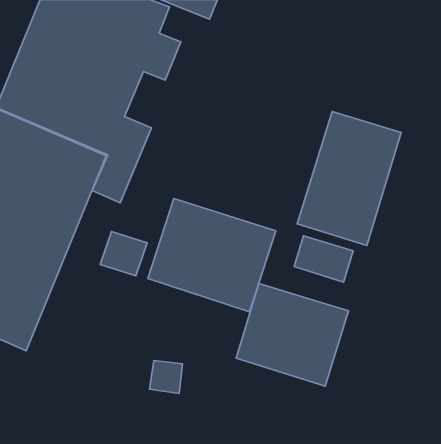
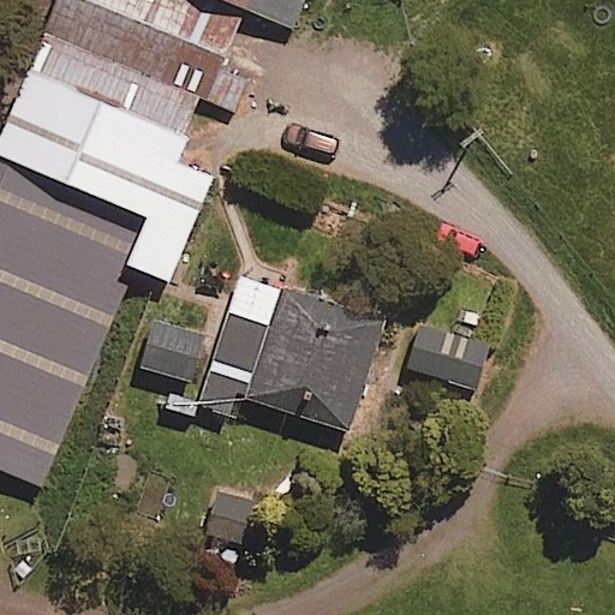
building: [297,111,401,245] -> none
building: [236,284,348,386] -> none

